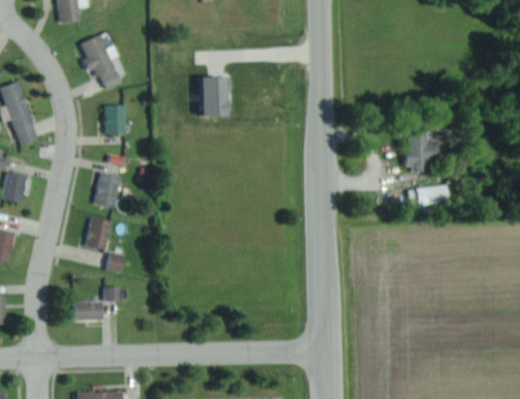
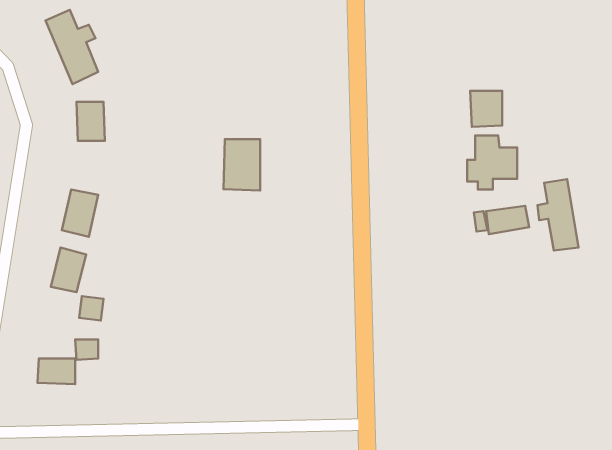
building: [202,76,230,116] -> [224,139,260,190]
building: none -> [470,91,502,127]
building: none -> [537,179,579,250]

